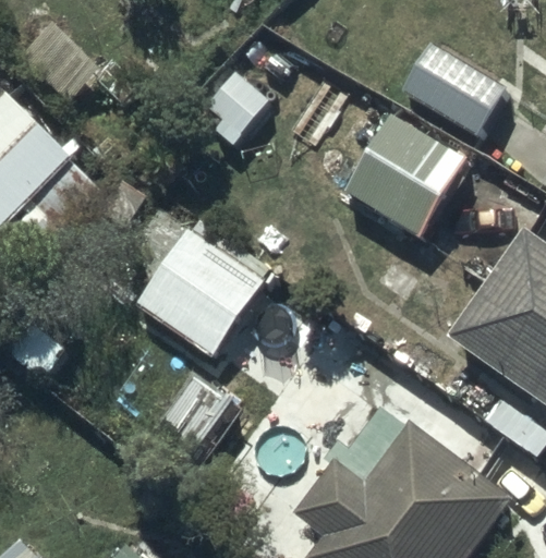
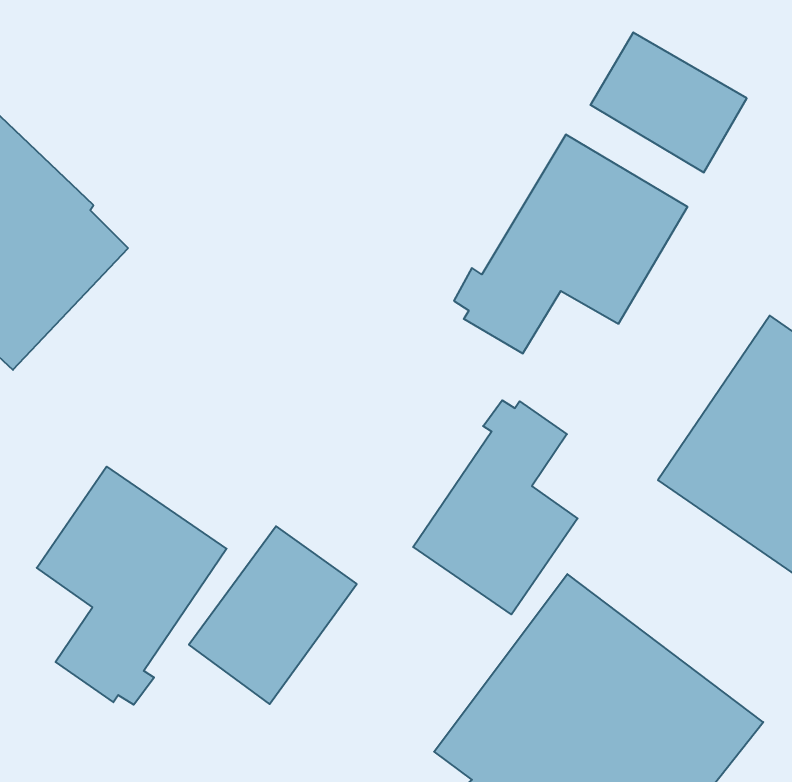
building: [109,210,272,357] -> none
building: none -> [413,400,578,614]
building: none -> [37,467,227,705]

